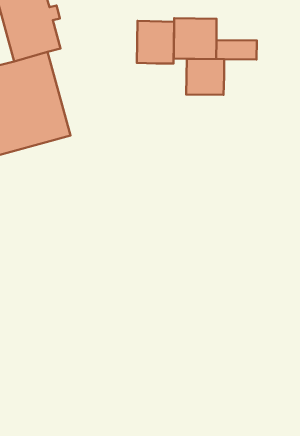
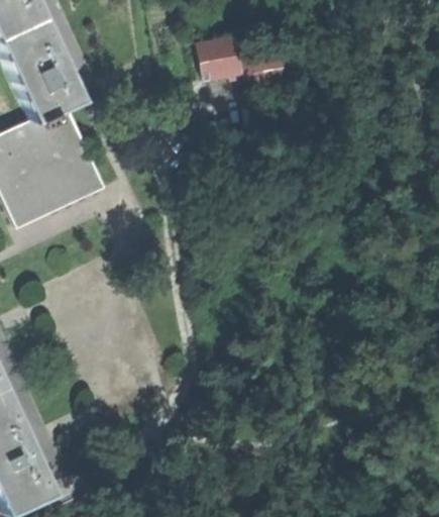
building: [137,21,174,64] -> none
building: [186,59,224,95] -> none

